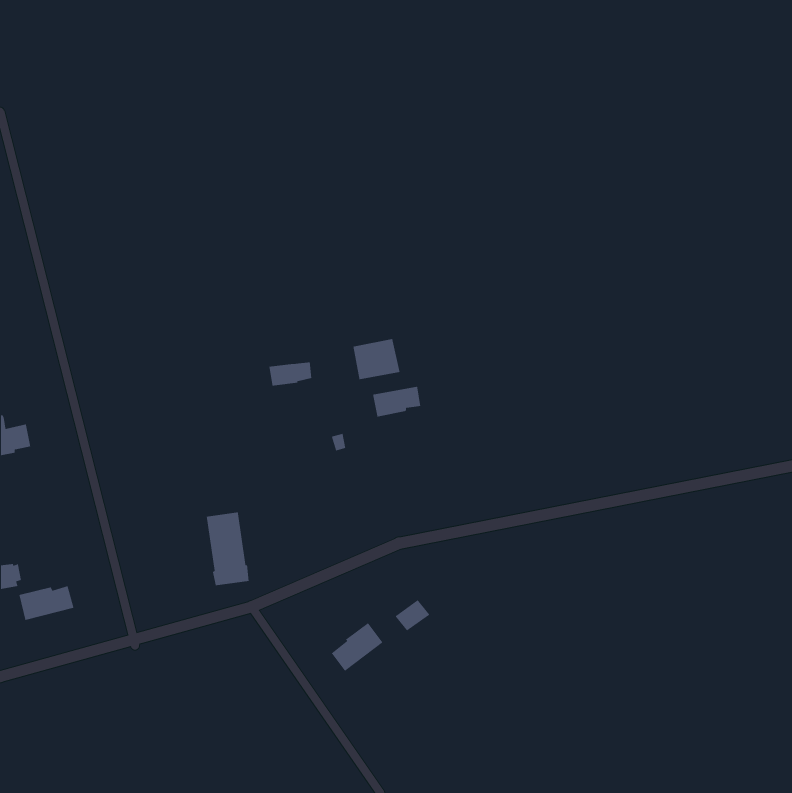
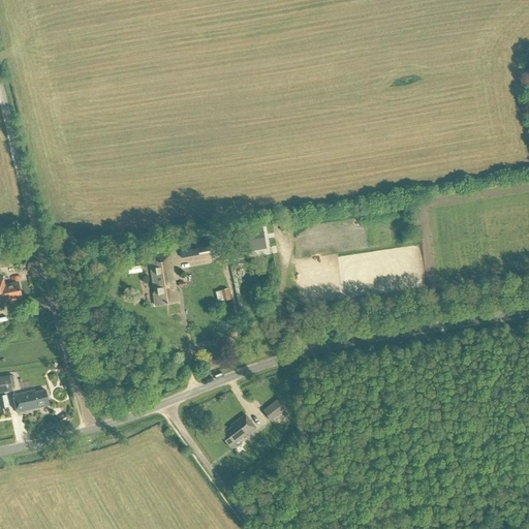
building: [372,386,421,417] -> none
building: [206,512,249,586] -> [150,255,179,305]

